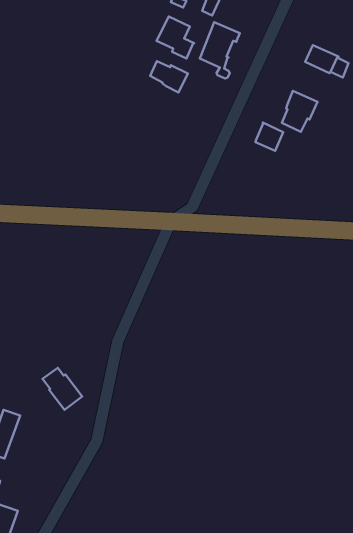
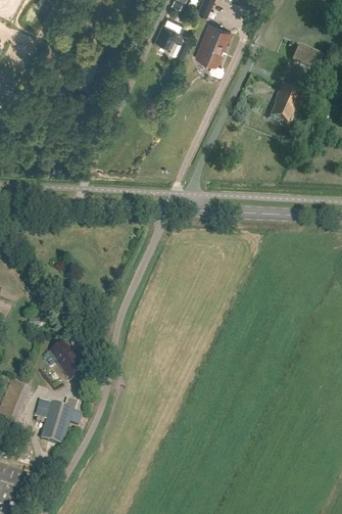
building: [150,61,188,93] -> none
building: [255,123,283,151] -> none
building: none -> [35,398,81,443]

